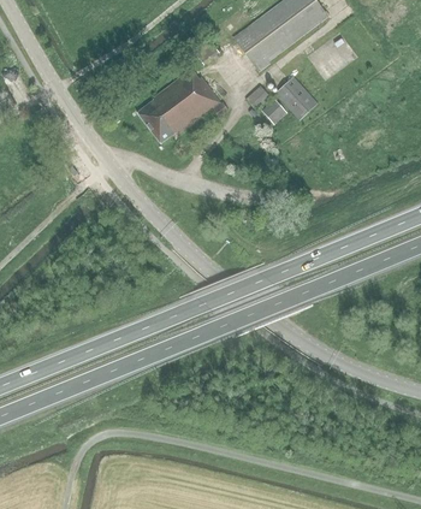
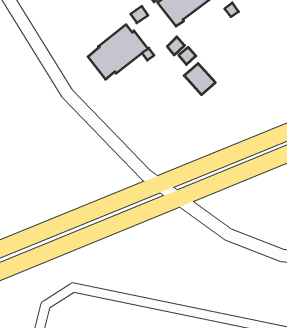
building: [274,76,318,119] -> [184,63,215,95]

